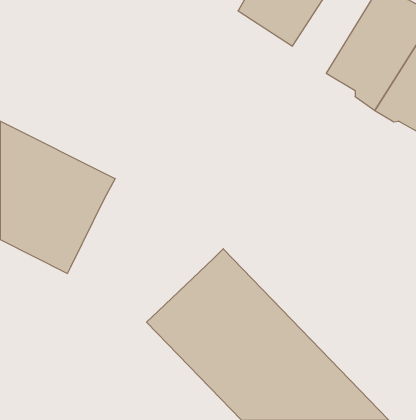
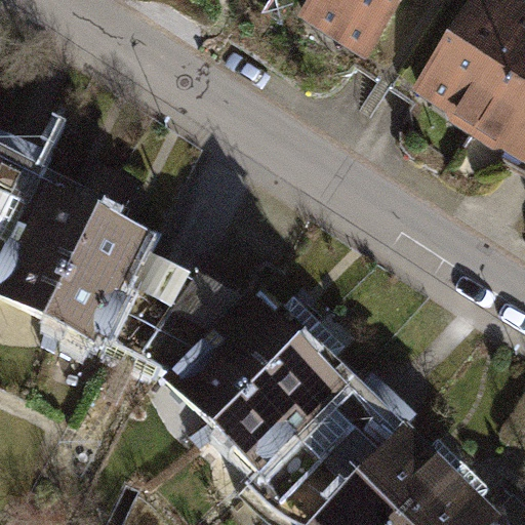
building: none -> [94,247,272,388]

